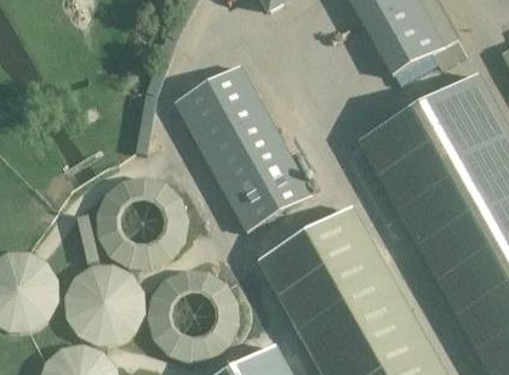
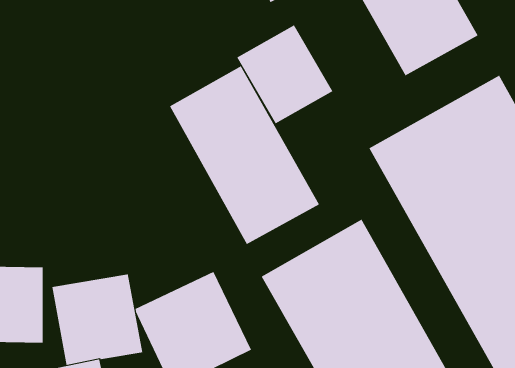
building: none -> [236,24,333,124]
building: [76,165,195,269] -> none

